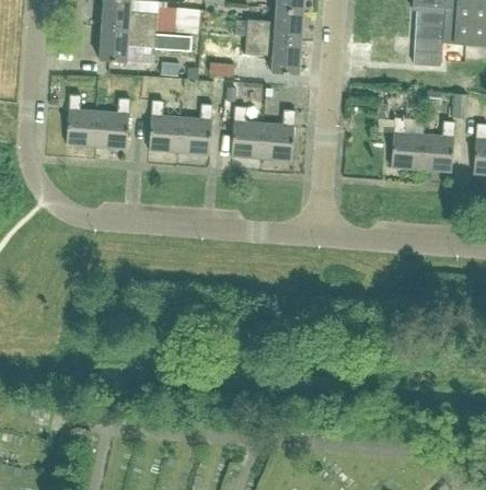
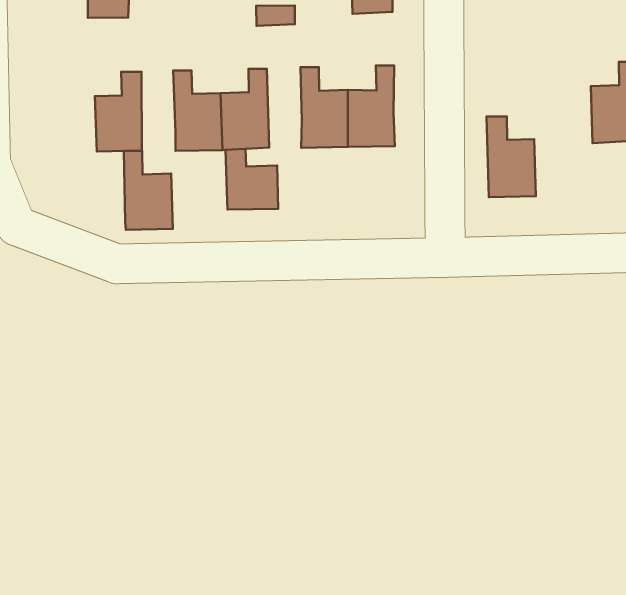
building: [66,94,99,148] -> [124,151,173,230]
building: [390,117,423,172] -> [487,116,536,197]
building: none -> [225,149,278,209]

